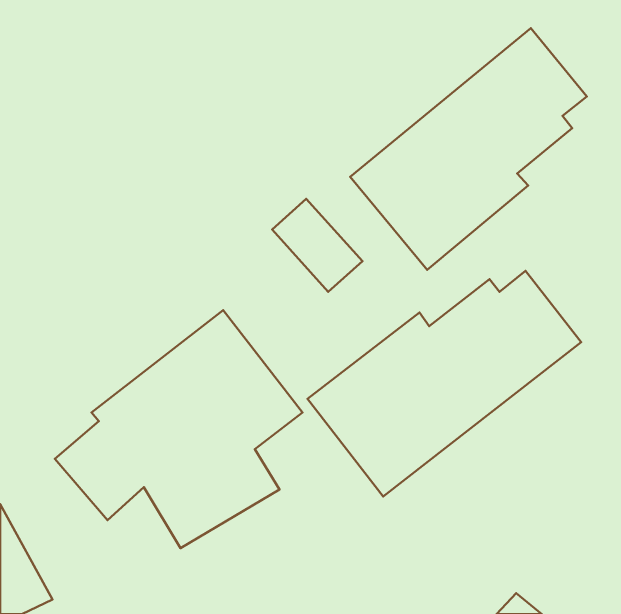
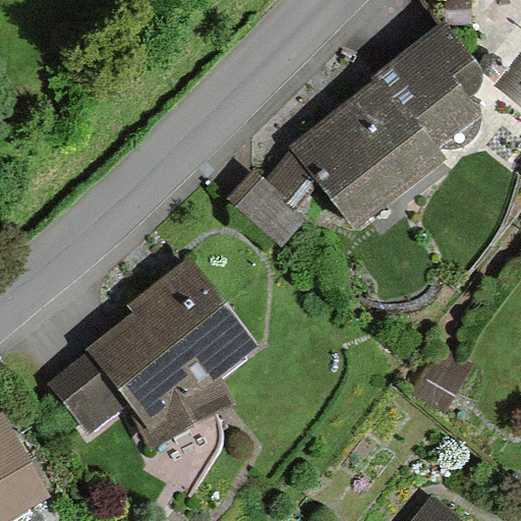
building: [308,271,581,496] -> none

